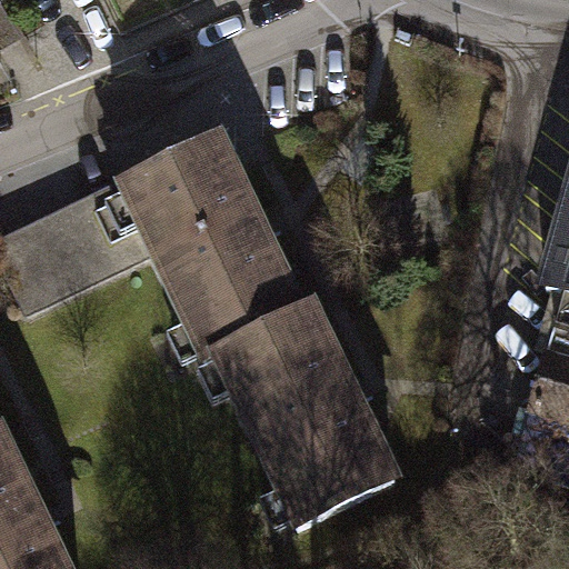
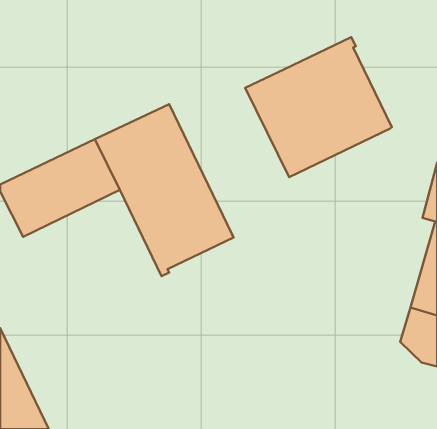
building: none -> [245,37,392,177]
building: [218,301,397,523] -> none

